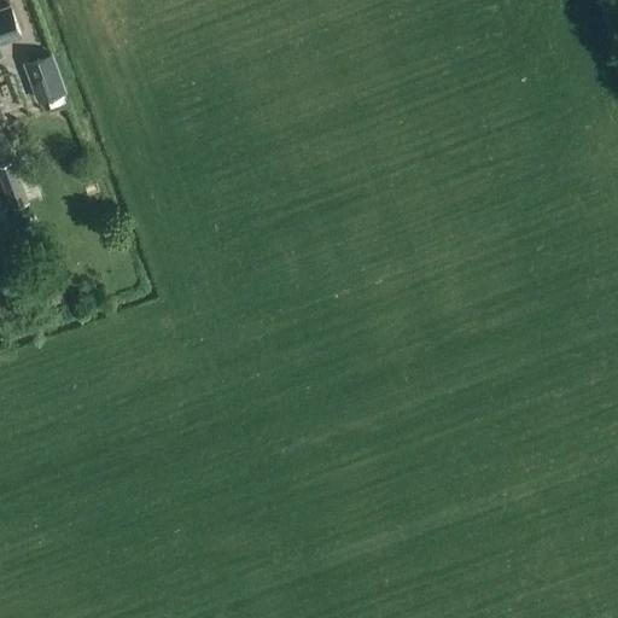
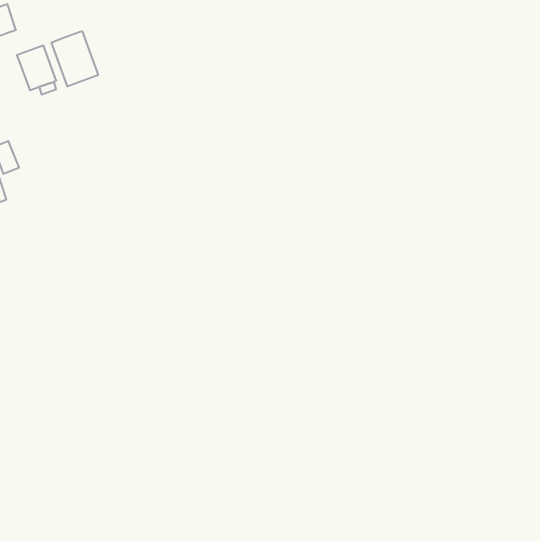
building: none -> [51,31,98,86]

